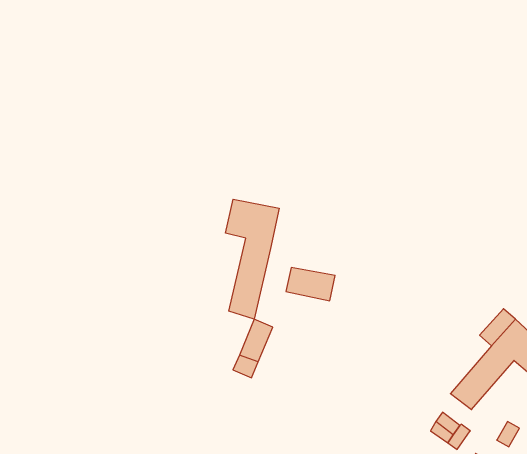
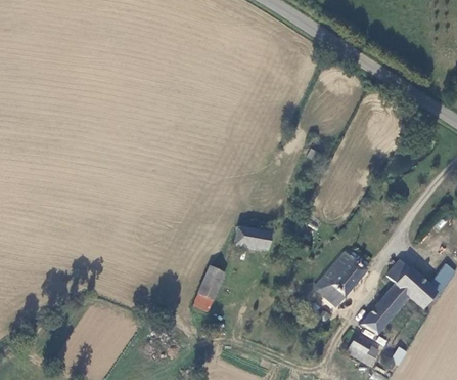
building: [226,199,279,319] -> none
building: none -> [321,250,367,304]

